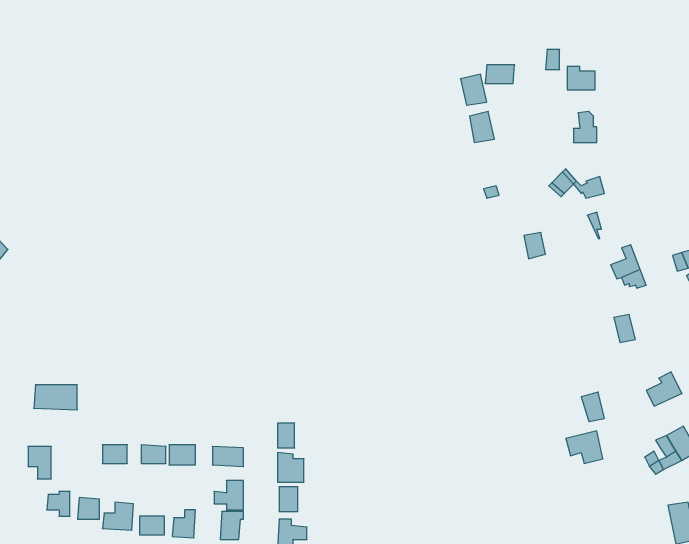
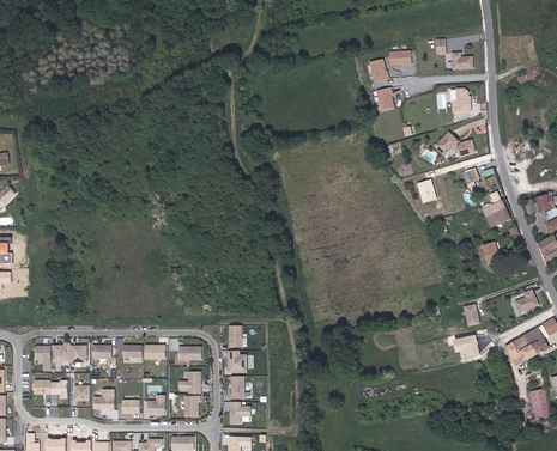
building: [34,385,77,410] -> [52,345,85,364]

